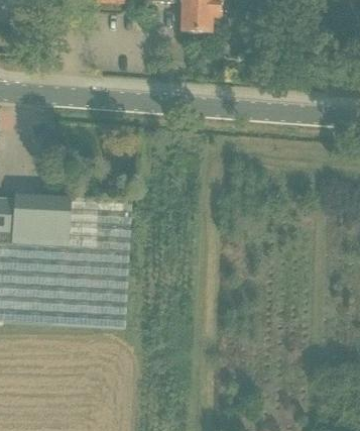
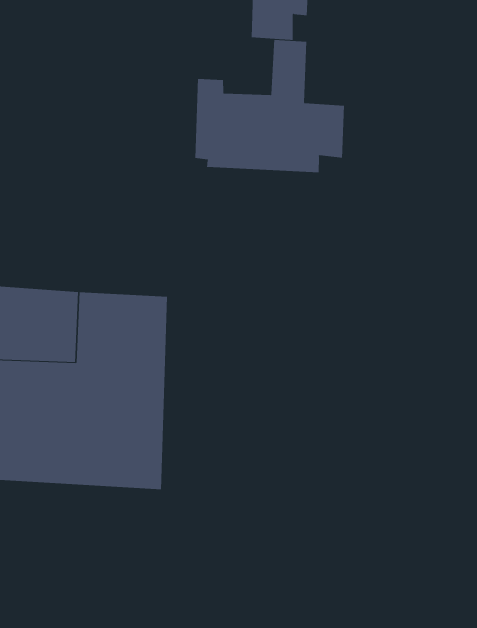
building: none -> [195,39,344,173]

